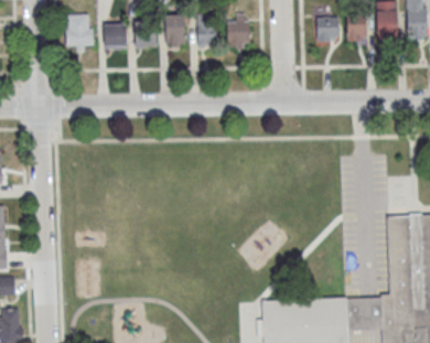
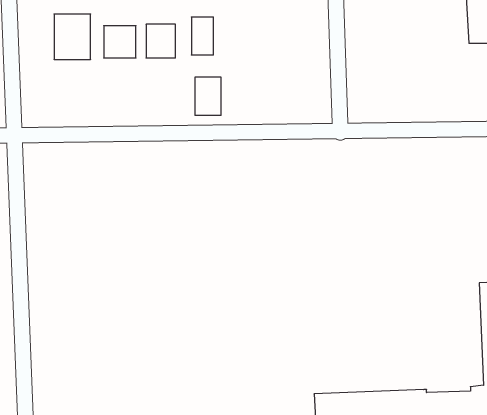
building: [346,10,367,41] -> none
building: [227,14,249,47] -> none
building: [316,18,340,41] -> none
building: [196,19,216,47] -> [195,77,221,115]

